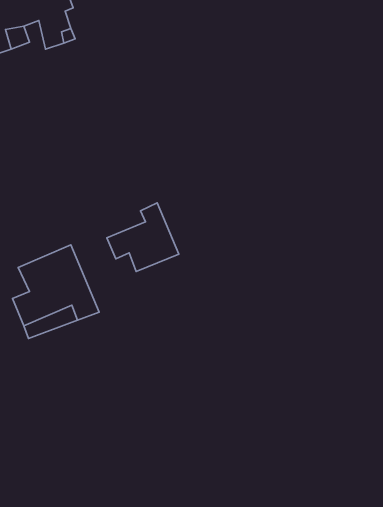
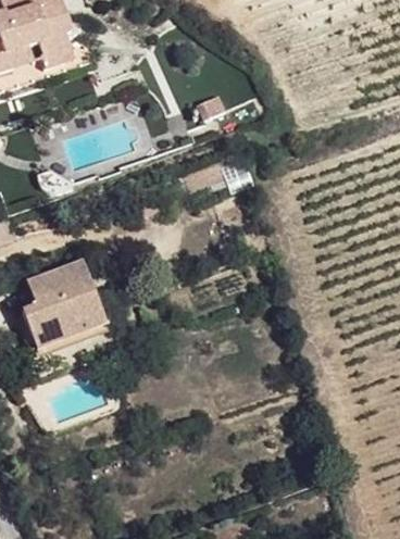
building: [107,203,179,272] -> none

